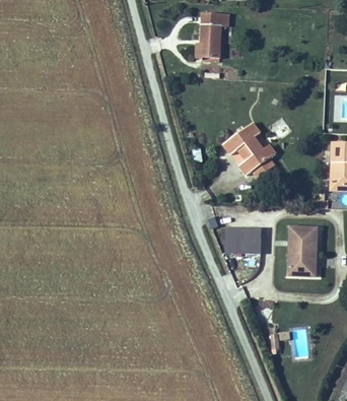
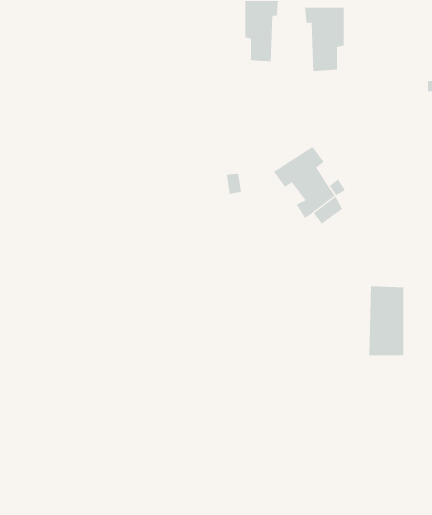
building: none -> [305,7,344,72]
building: [216,224,249,251] -> none

